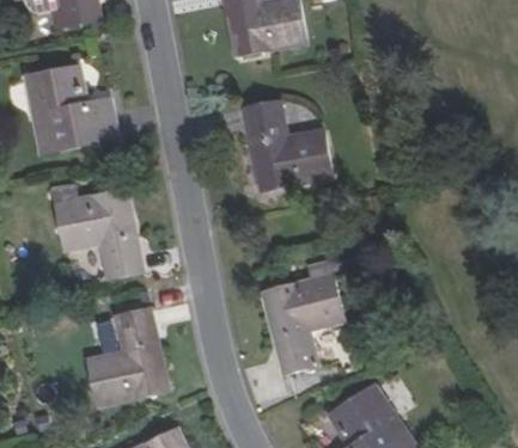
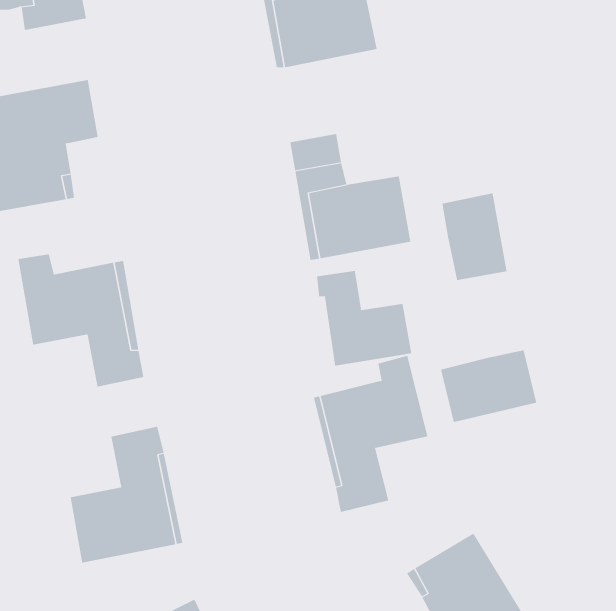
building: none -> [442,192,507,281]
building: none -> [317,270,412,366]
building: none -> [441,350,537,423]

